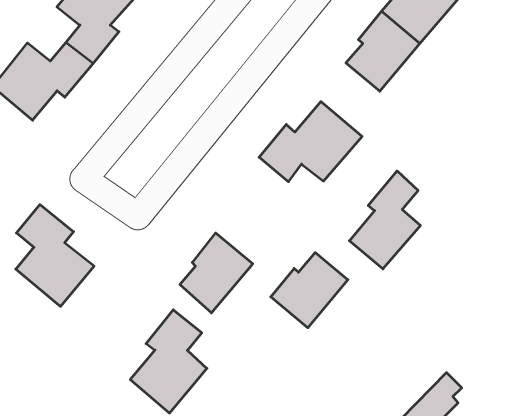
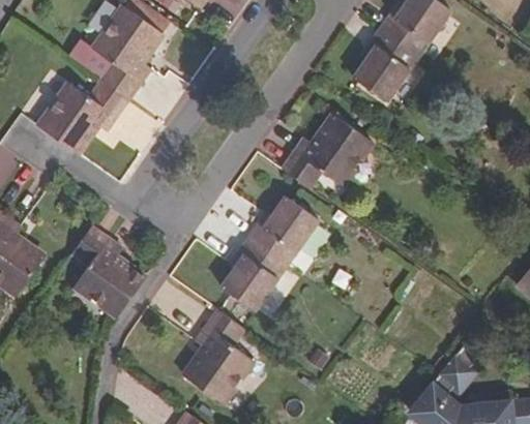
building: [349,171,420,269] -> none
building: [271,253,348,328] -> [249,196,317,264]

